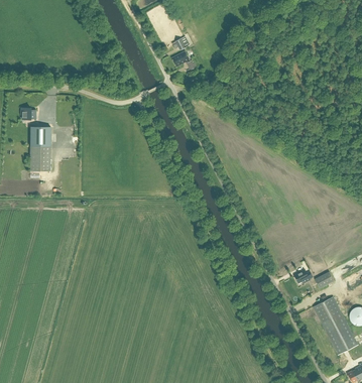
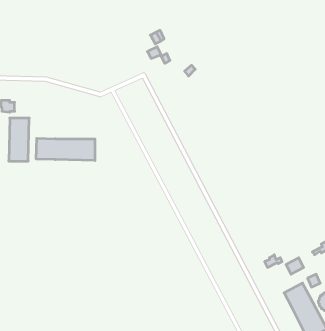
building: none -> [36,138,95,161]

